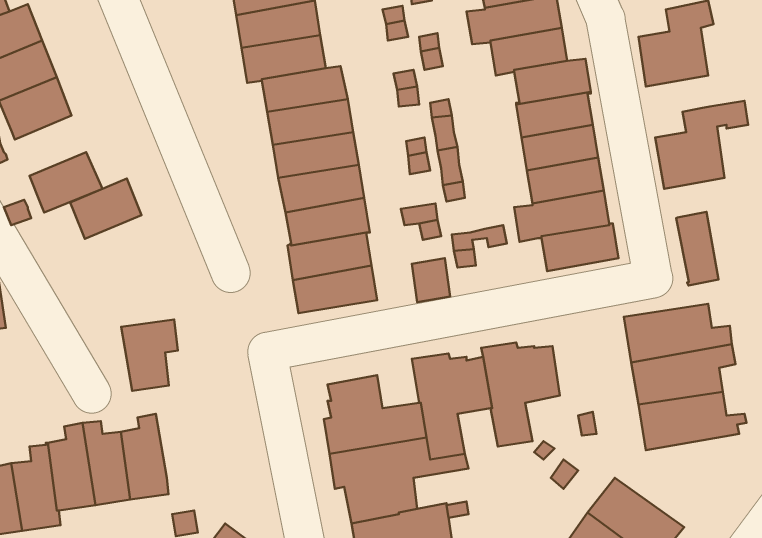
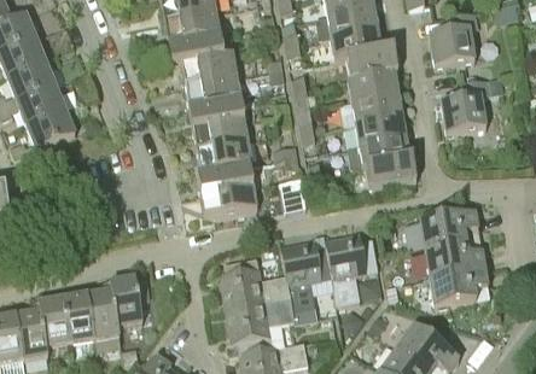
building: [70,179,141,239] -> [17,87,64,127]
building: [676,212,719,286] -> none
building: [121,320,178,391] -> [110,279,147,326]

